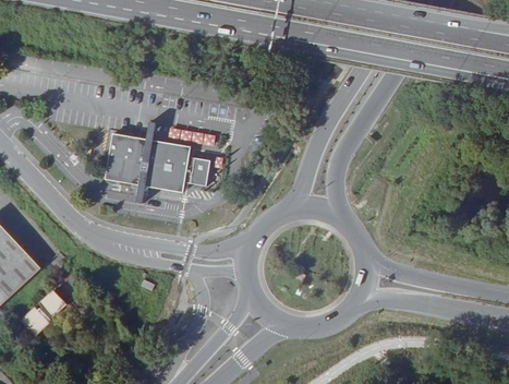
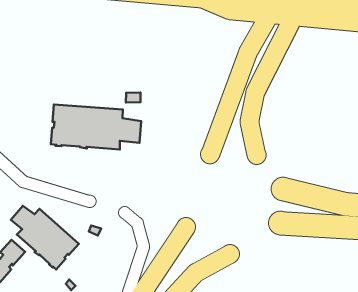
building: none -> [11,206,79,269]

